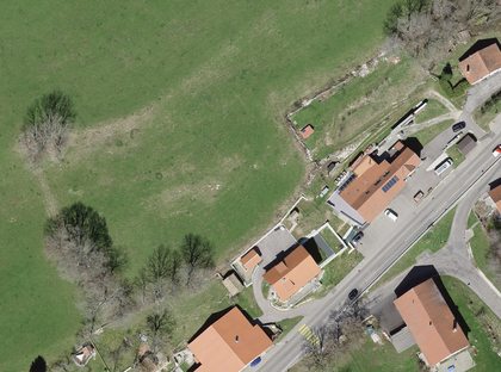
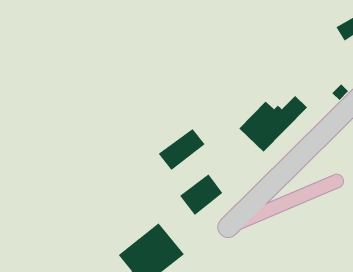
building: none -> [158,128,205,171]
building: [395,279,468,364] -> none

